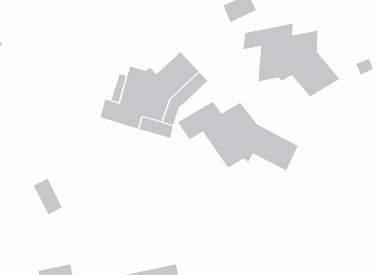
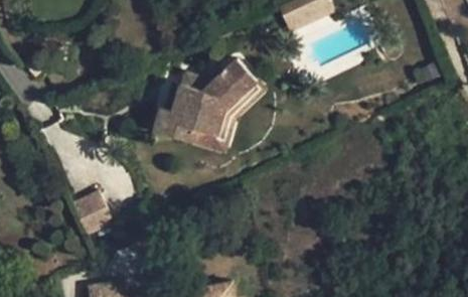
building: [243,23,340,98] -> none
building: [177,101,299,171] -> none

